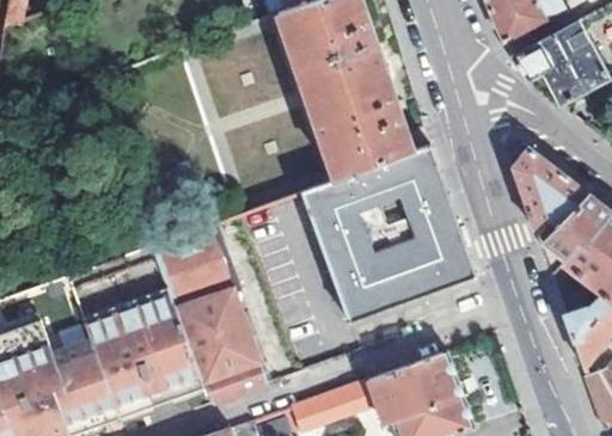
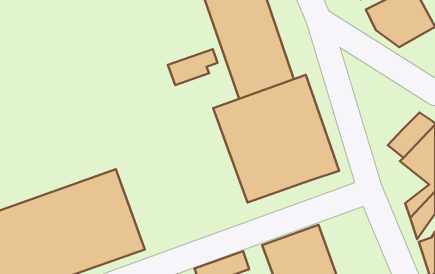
building: none -> [168,49,218,85]
building: [512,146,587,233] -> none
building: [152,221,264,401] -> none

